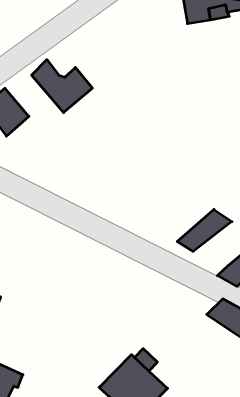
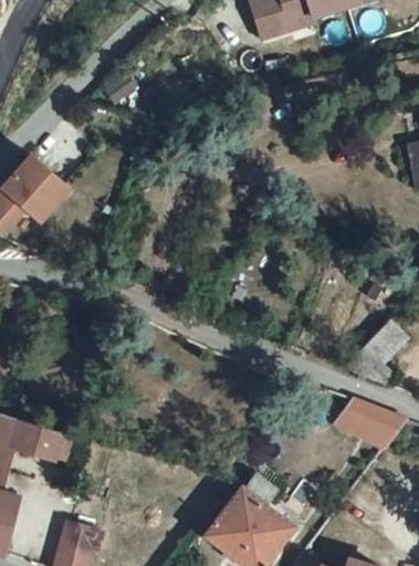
building: [32,60,92,113] -> none
building: [177,209,232,251] -> none

